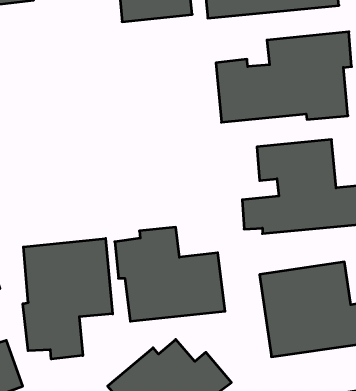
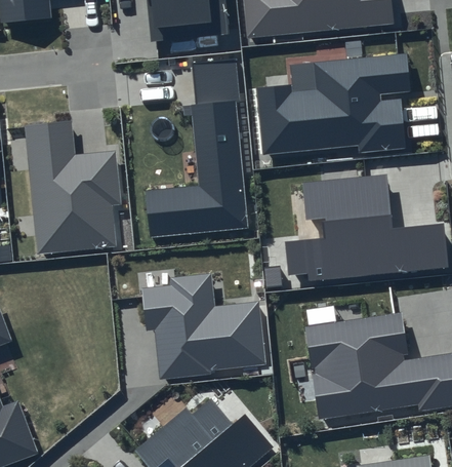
building: none -> [145,59,248,237]
building: none -> [25,121,121,255]
building: [23,238,113,359] -> none

